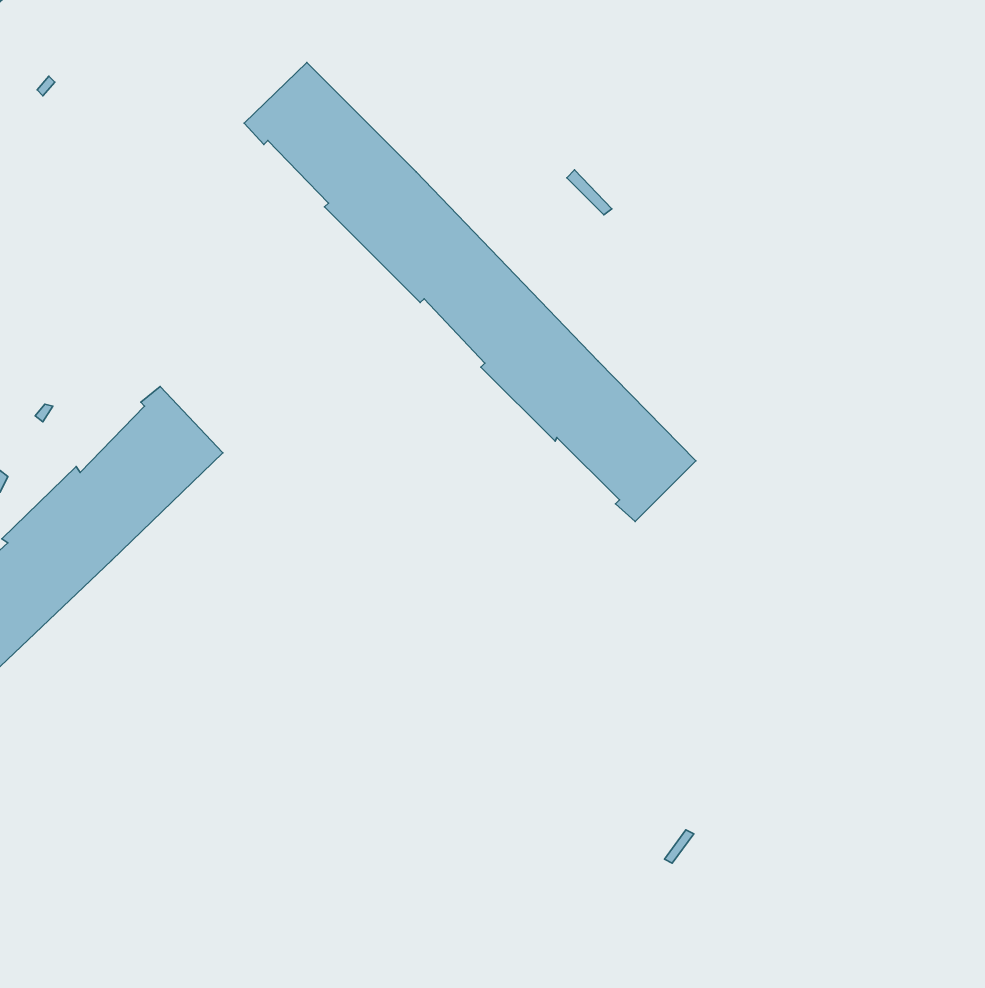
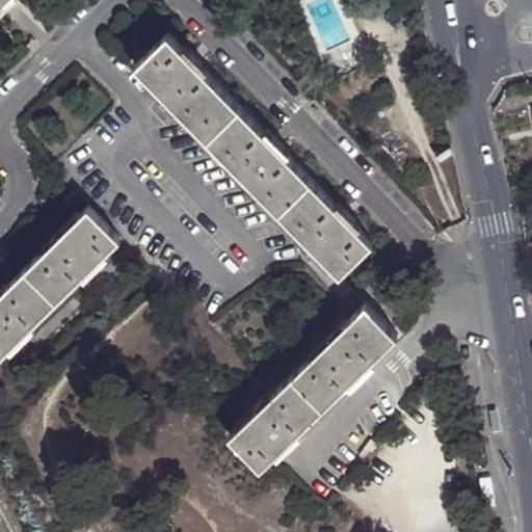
building: none -> [224,310,396,479]

